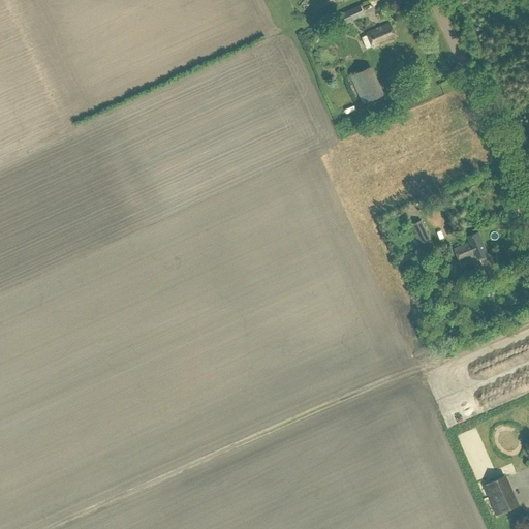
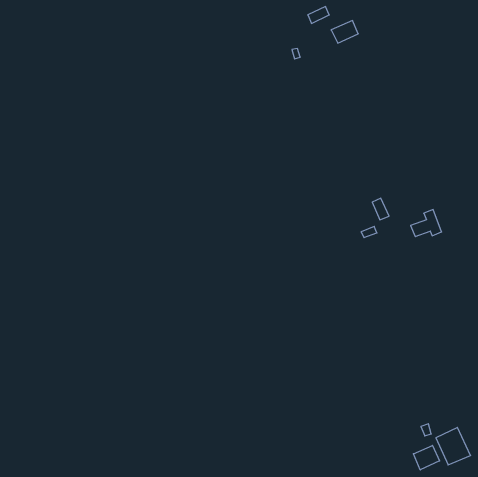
building: [350,64,384,103] -> none
building: none -> [413,445,440,470]

